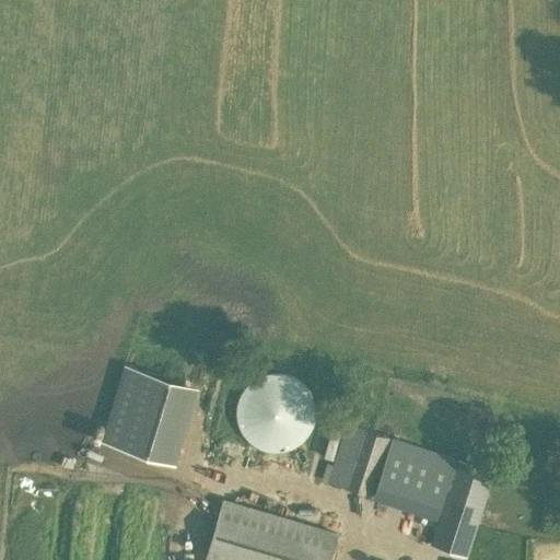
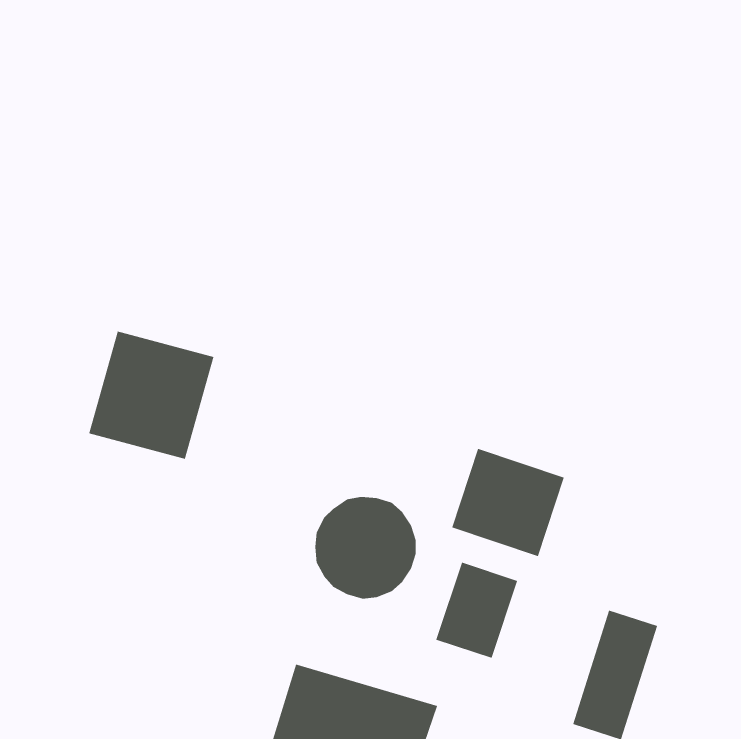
building: [100,365,195,463] -> [88,330,215,460]
building: [373,439,458,521] -> [451,448,565,557]

